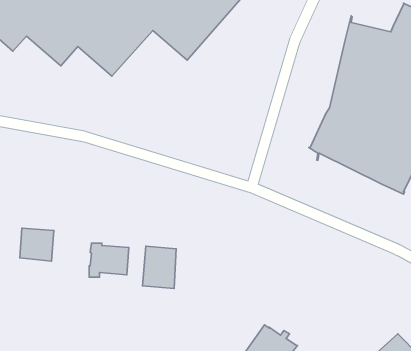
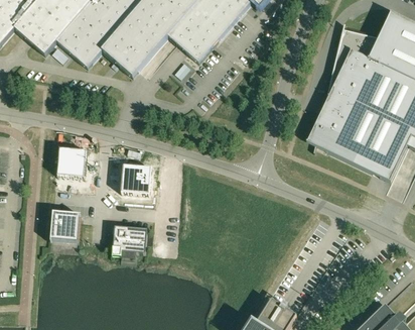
building: none -> [57,147,87,178]
building: none -> [122,164,151,194]
building: [142,246,176,289] -> none

